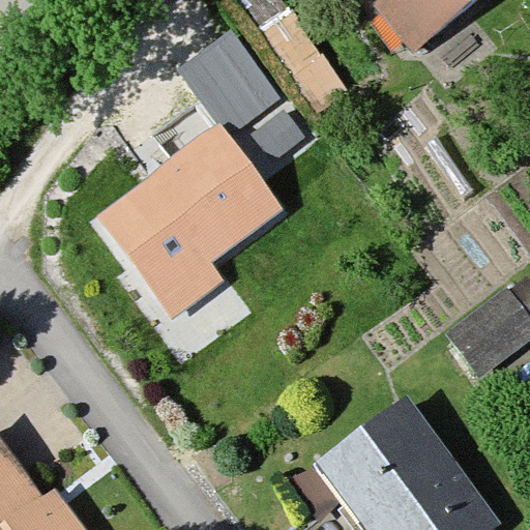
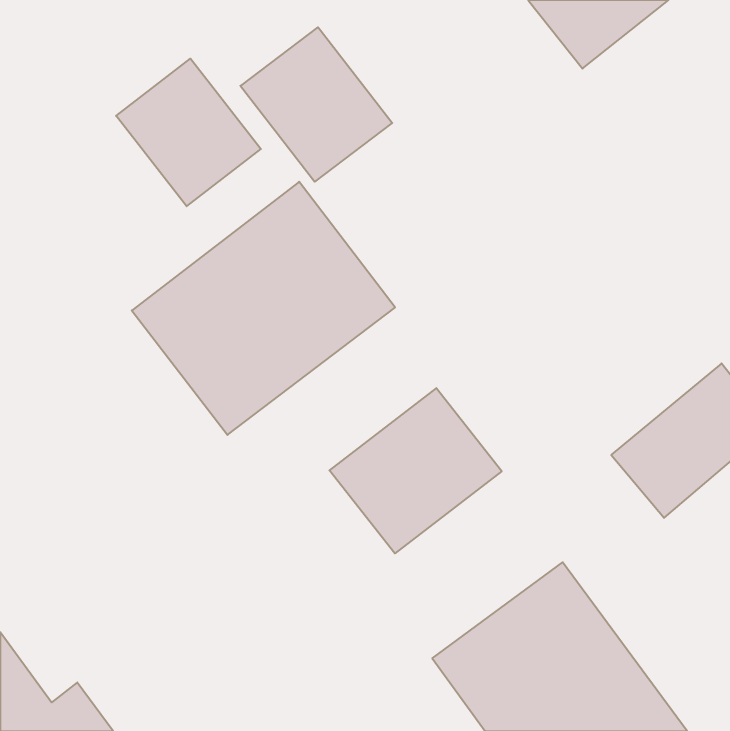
building: none -> [116,59,261,206]
building: none -> [329,388,502,553]

